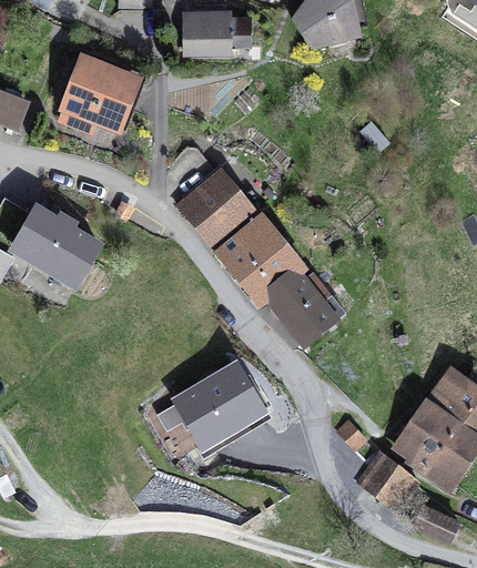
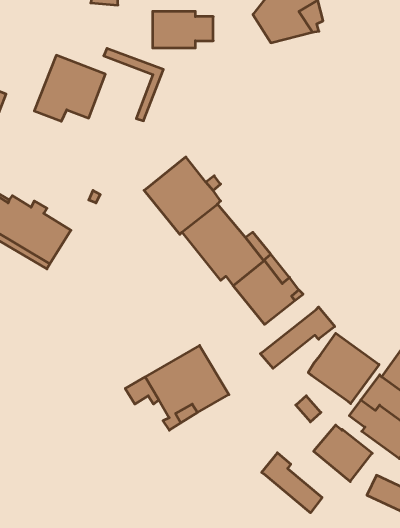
building: [82,53,145,130] -> [104,48,163,121]
building: none -> [260,307,335,368]
building: none -> [308,333,379,404]
building: none -> [262,453,322,513]

